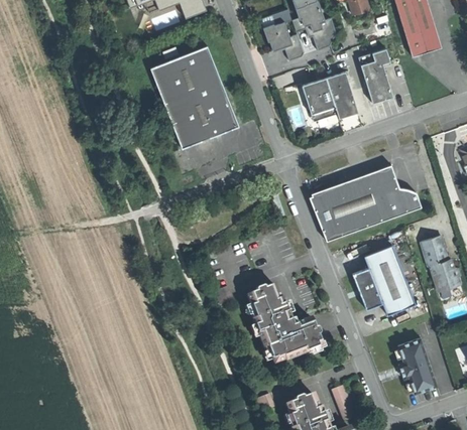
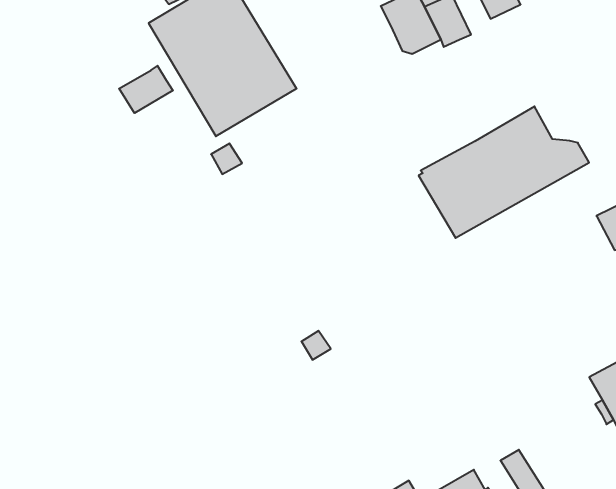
building: none -> [119,66,173,113]
building: [352,246,416,315] -> none
building: [247,285,322,364] -> none

